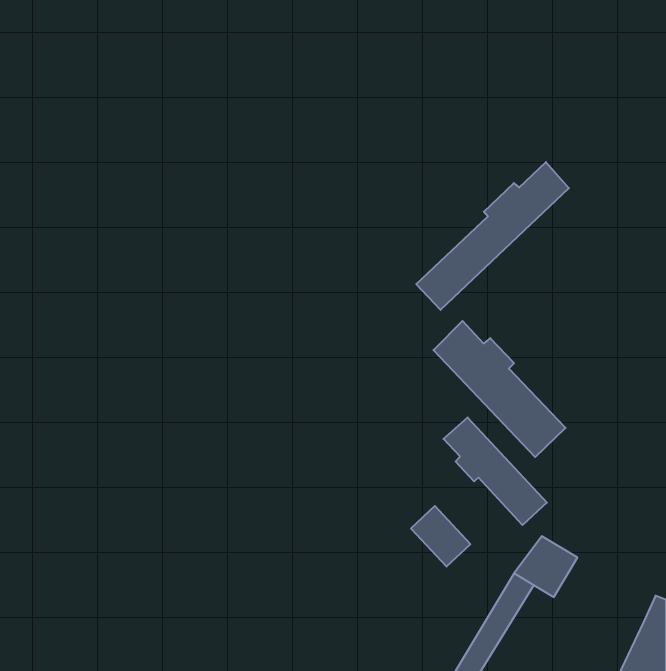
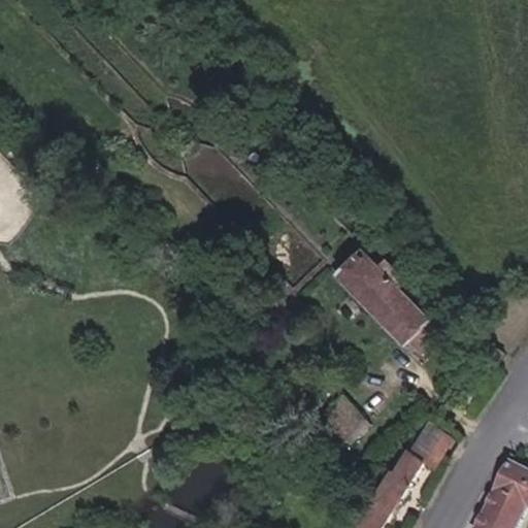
building: [416,162,569,310] -> none
building: [443,417,547,525] -> none

